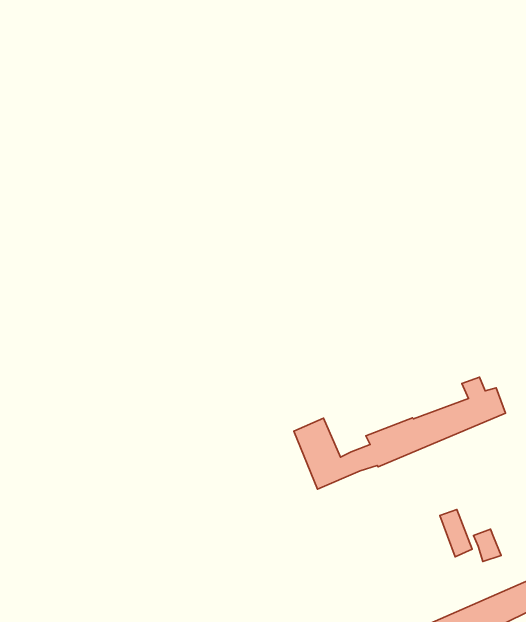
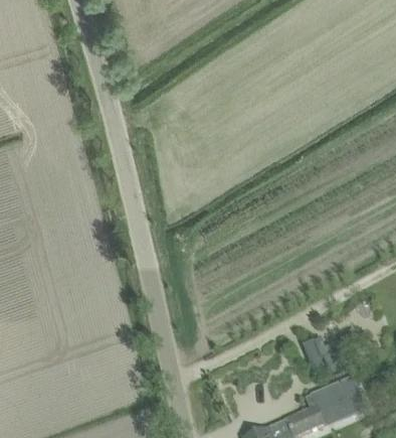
building: [294,377,505,489] -> none

